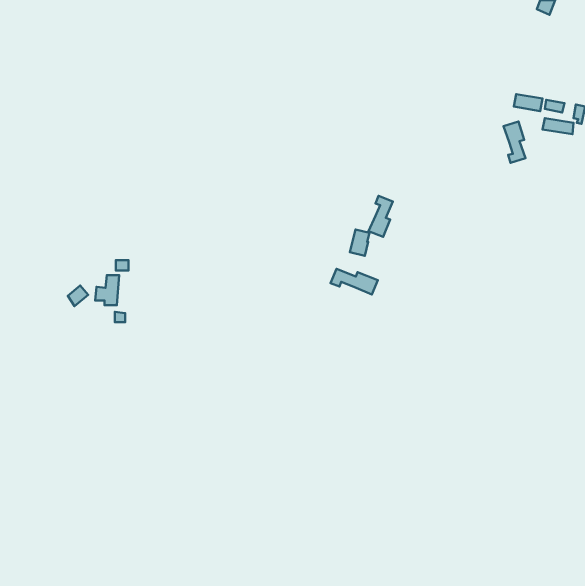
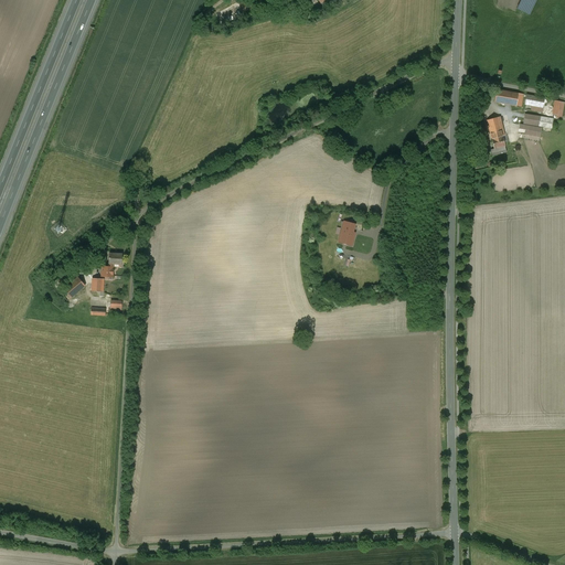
building: [369,196,393,237] -> none
building: [330,269,378,294] -> none

